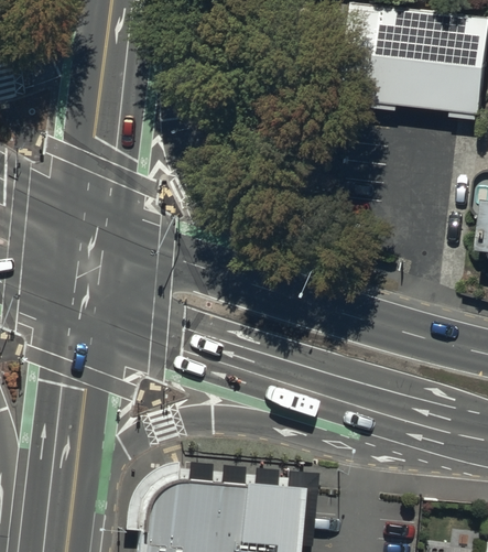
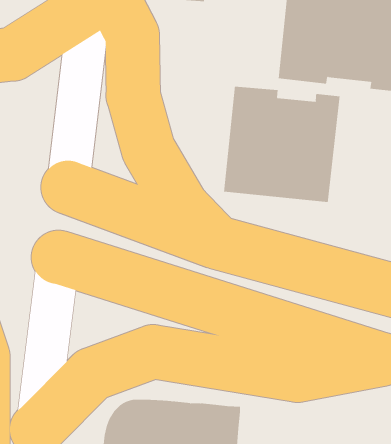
building: none -> [223,86,340,203]

